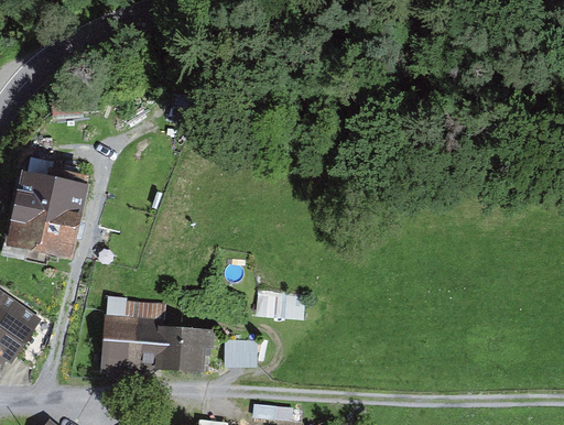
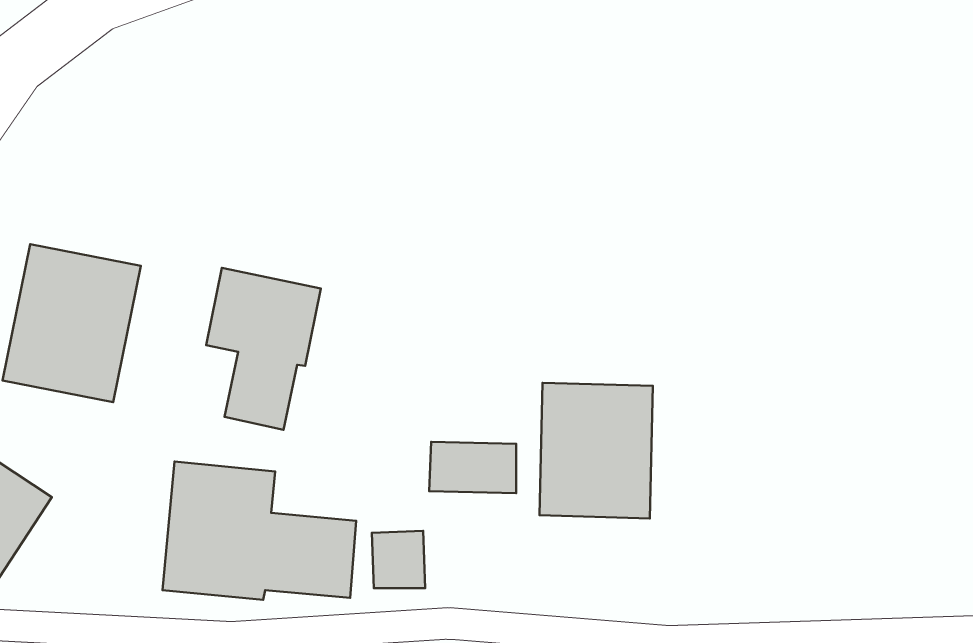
building: none -> [206,268,321,430]
building: none -> [539,383,653,518]

